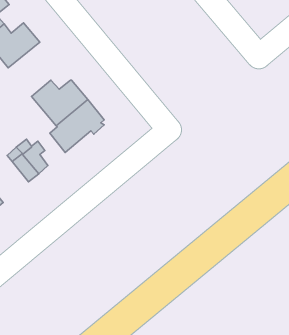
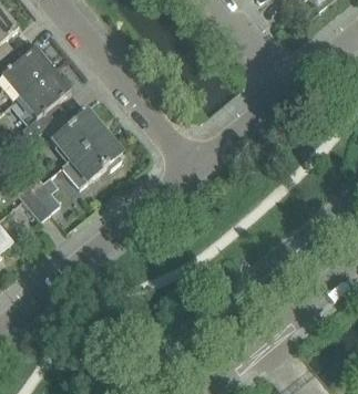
building: none -> [16,68,68,136]

